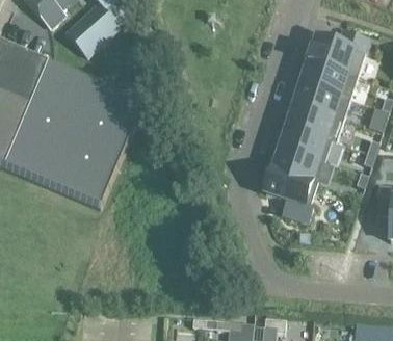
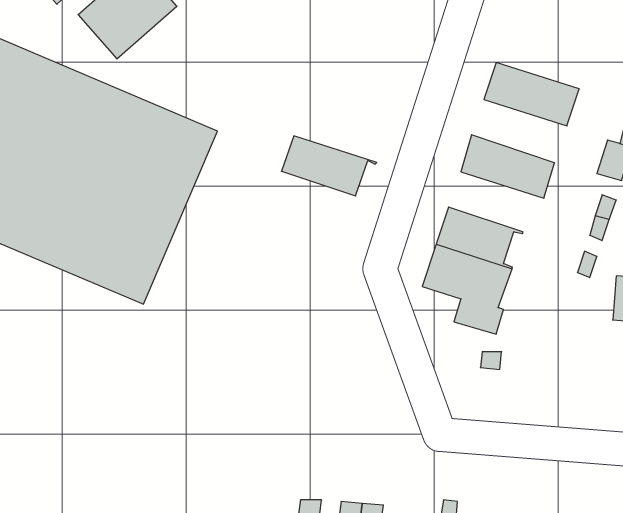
building: [309,31,368,77] -> none
building: [294,83,350,121] -> none
building: [281,126,337,161] -> [281,136,377,196]

